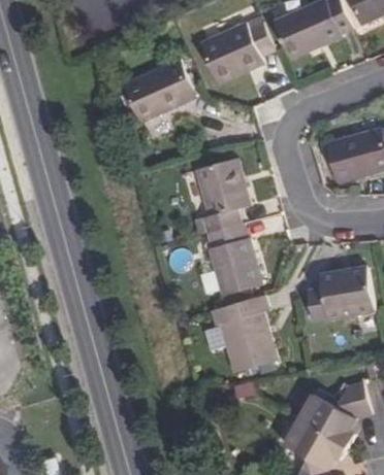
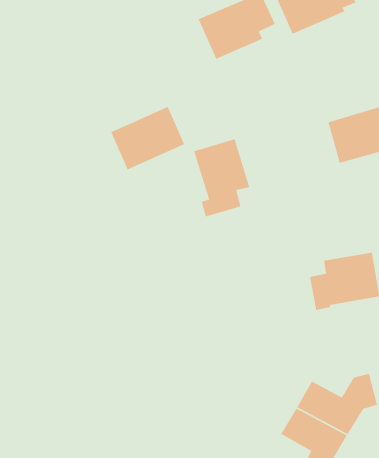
building: [123,61,195,123] -> [110,106,185,170]
building: [206,225,262,297] -> none
building: [219,295,275,373] -> none

